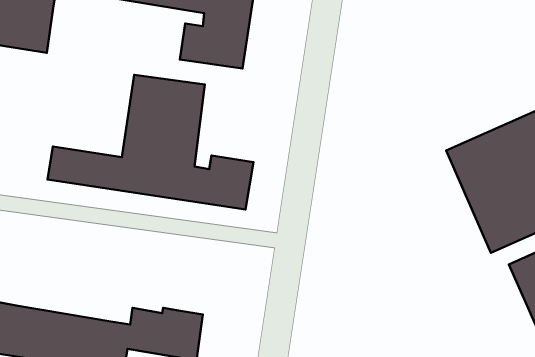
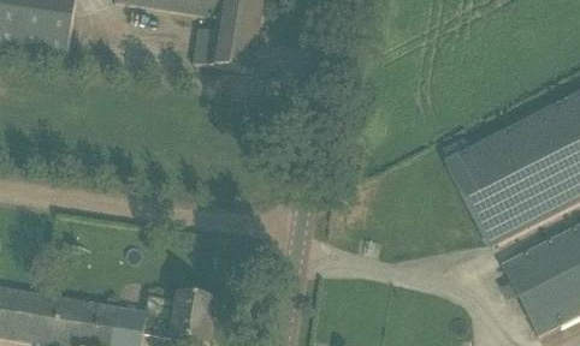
building: [48,75,253,210] -> none

